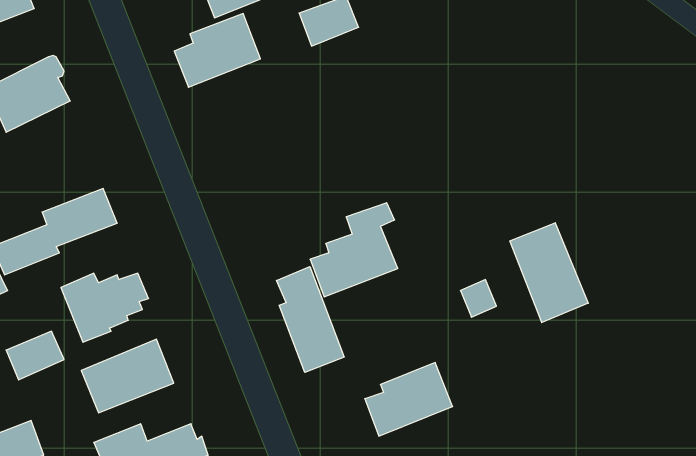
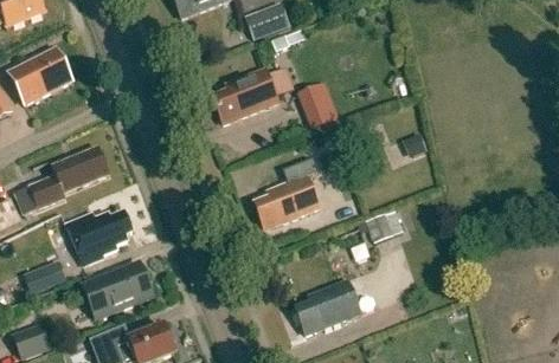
building: [174,14,260,87] -> [212,67,277,123]
building: none -> [298,77,342,128]
building: [510,223,588,323] -> none
building: [277,267,344,372] -> none

